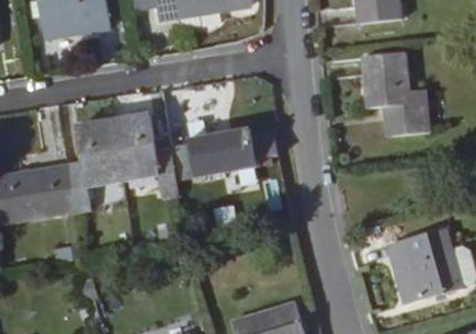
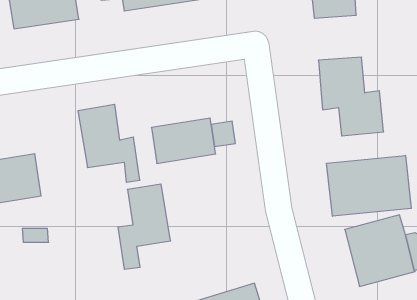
building: [66,122,121,210] -> [118,184,171,269]
building: none -> [327,155,411,216]

